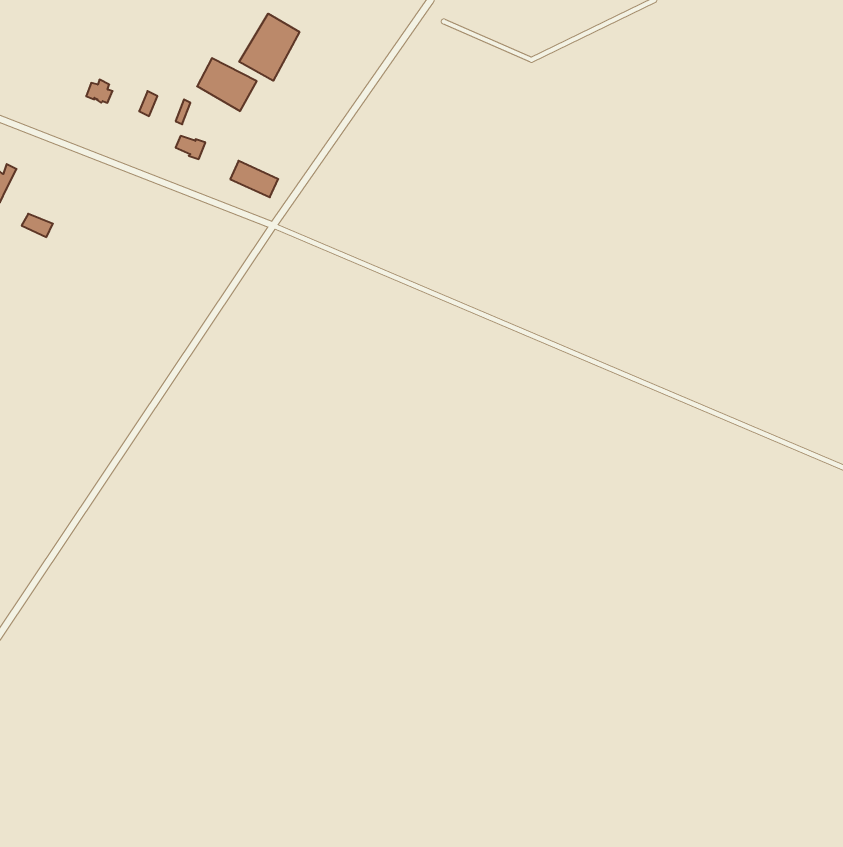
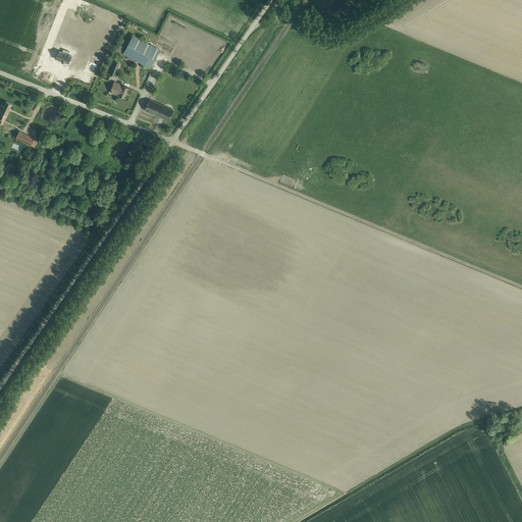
building: [239,14,299,81] -> none

